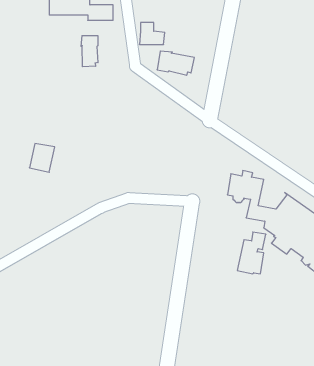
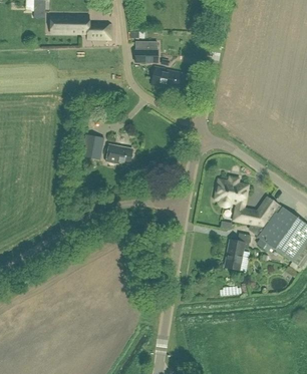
building: [81,36,98,67] -> none
building: none -> [105,142,132,162]
building: [29,144,55,172] -> [81,132,104,158]

